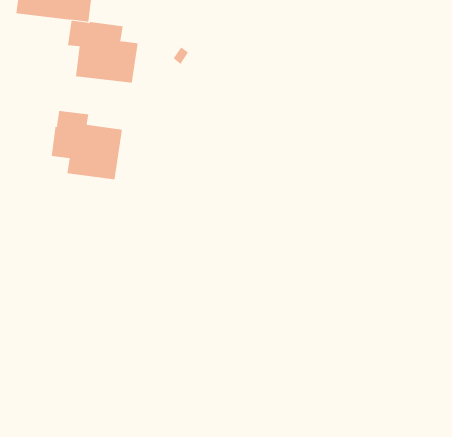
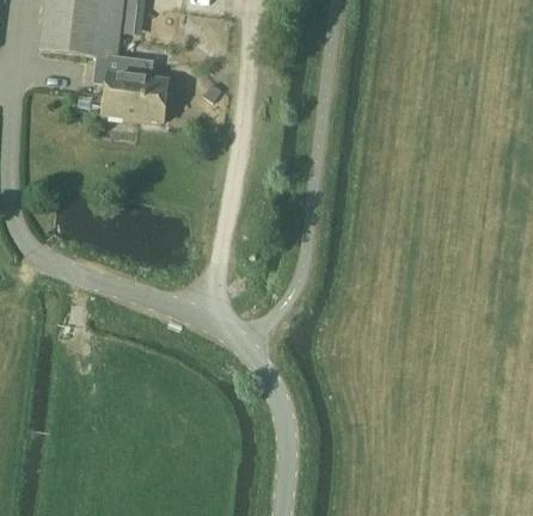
building: [51,110,122,180] -> none

